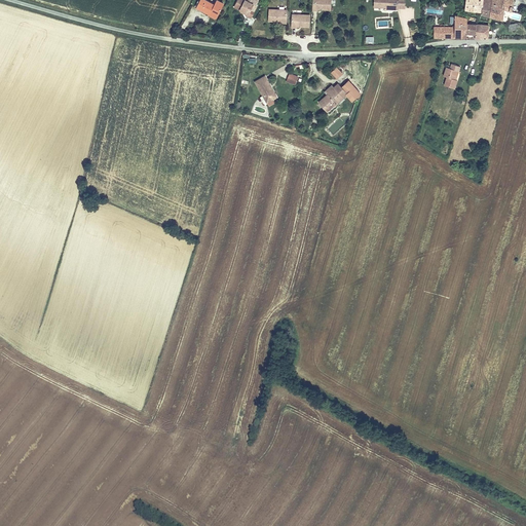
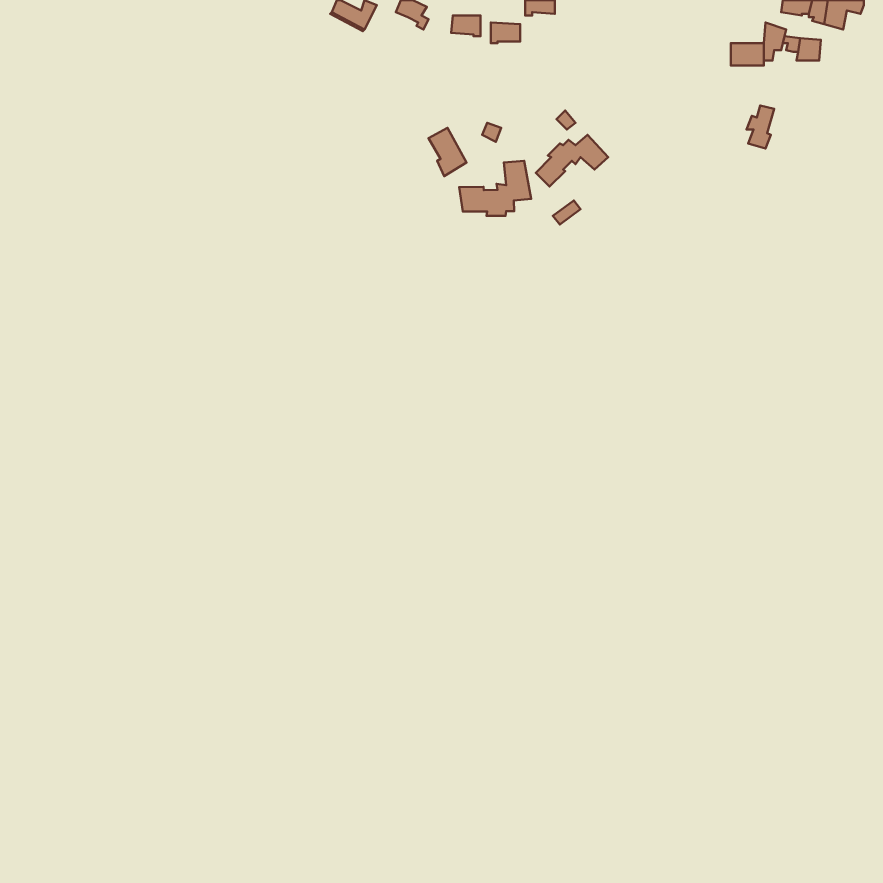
building: none -> [459,161,531,216]

